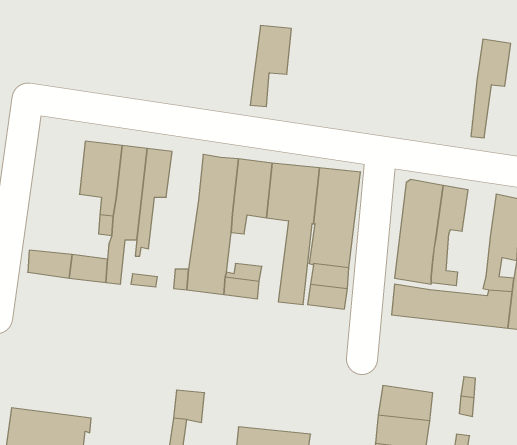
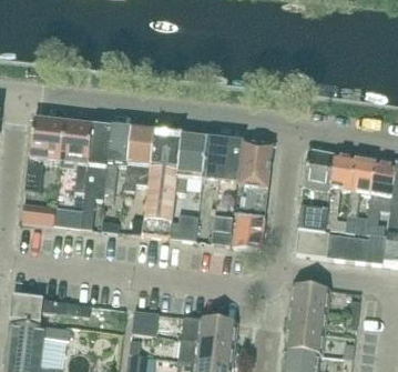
building: [250,26,291,107] -> [123,128,154,189]
building: [471,39,511,138] -> [345,157,375,231]
building: none -> [25,117,65,191]
building: none -> [289,283,330,310]
building: none -> [10,293,91,321]
building: none -> [181,314,237,341]

